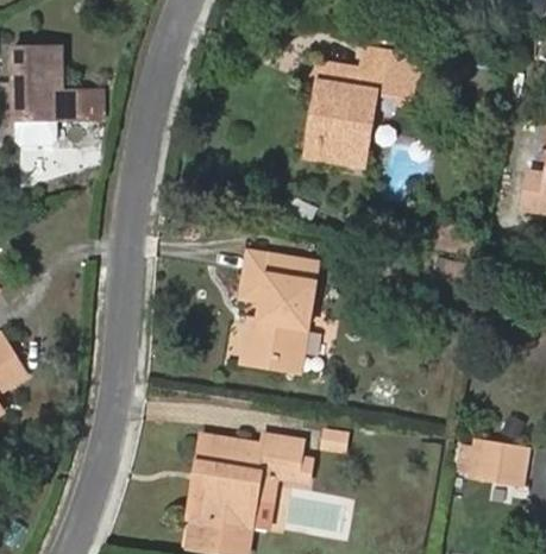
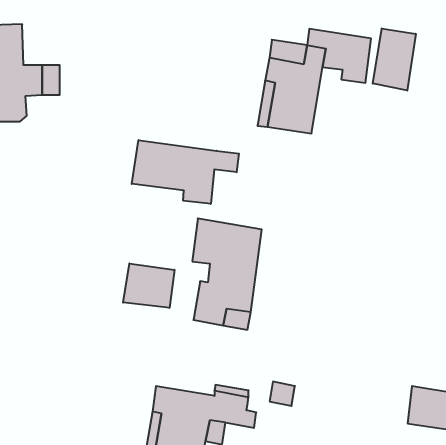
building: none -> [373,28,416,91]
building: none -> [132,140,239,204]
building: none -> [123,263,174,308]

